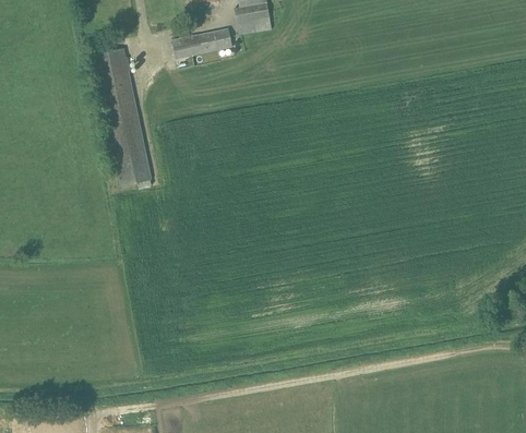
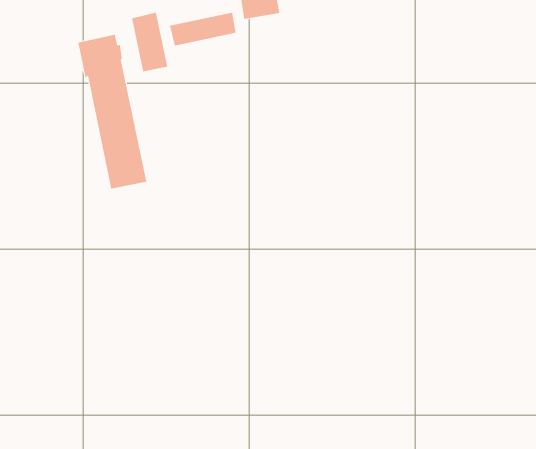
building: none -> [131,12,168,72]

